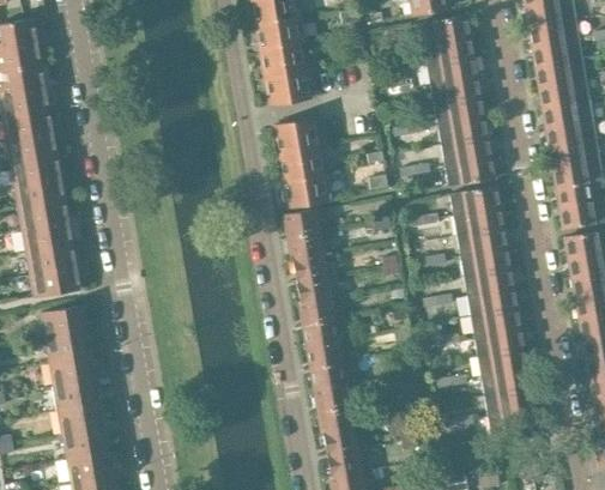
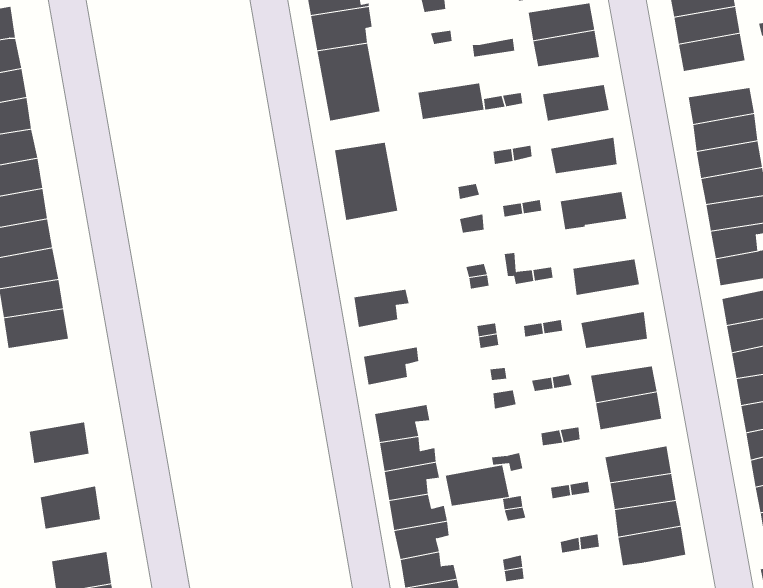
building: [428,58,478,85] -> [417,83,485,120]
building: [537,60,587,87] -> none
building: [435,97,485,126] -> none
building: [441,138,491,165] -> none
building: [284,173,333,207] -> none
building: [450,188,501,216] -> none
building: [286,210,329,237] -> none
building: [456,228,508,256] -> none
building: [294,254,338,282] -> none
building: [31,268,81,298] -> none
building: [464,268,514,296] -> none
building: [301,297,345,325] -> none
building: [42,307,89,338] -> none
building: [474,328,525,357] -> none
building: [50,355,97,387] -> none
building: none -> [445,465,510,506]
building: [59,404,105,435] -> none

